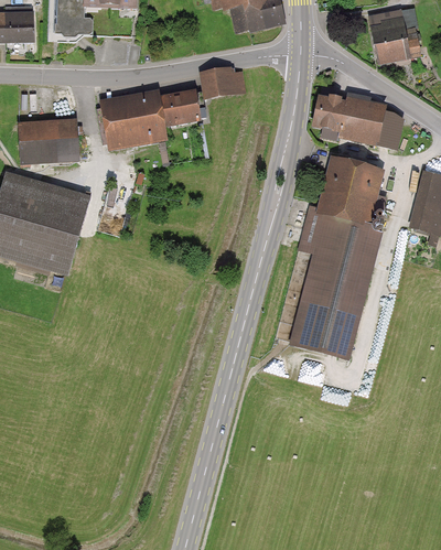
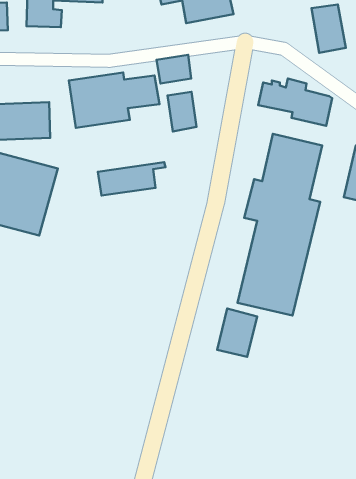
building: none -> [167,92,197,131]
building: none -> [98,162,165,196]
building: none -> [217,309,257,357]

